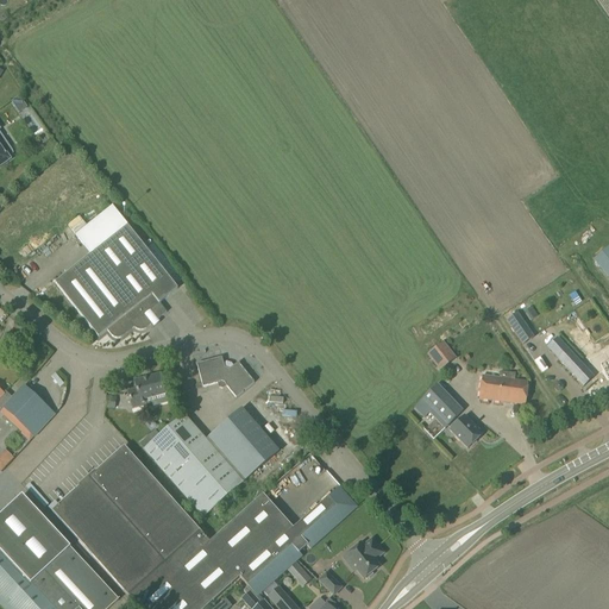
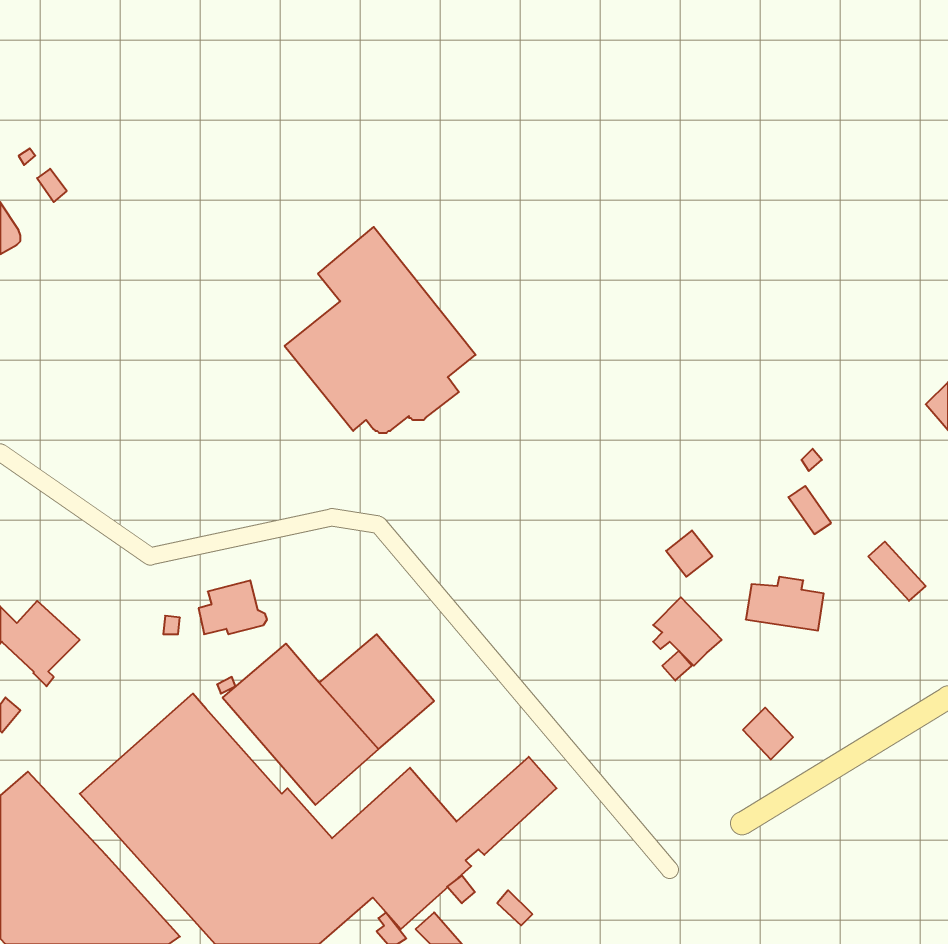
building: [55,205,177,337] -> [285,227,476,433]
building: [196,356,255,396] -> none
building: [450,414,482,447] -> [743,708,793,760]
building: [343,538,383,578] -> none

